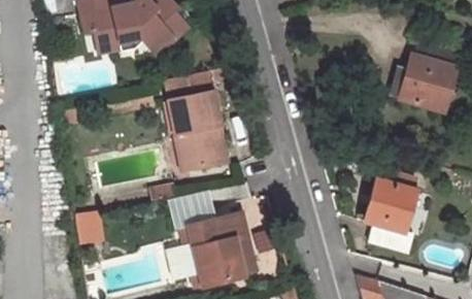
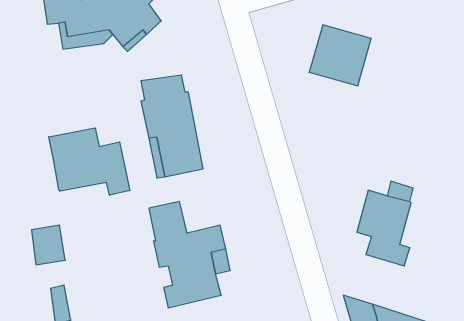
building: [402,55,459,110] -> [309,25,371,86]
building: none -> [49,128,130,195]

